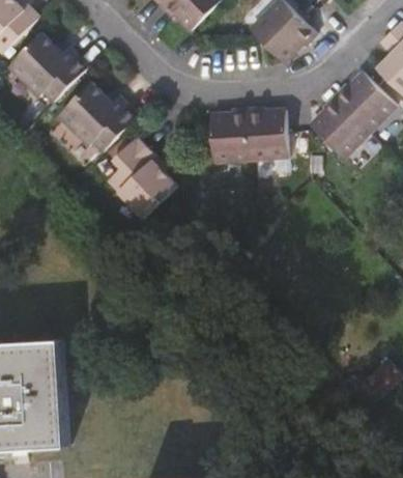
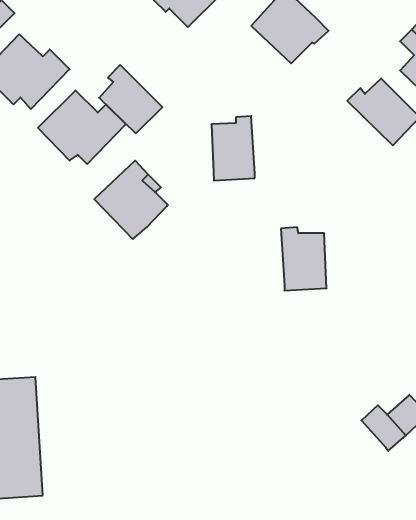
building: none -> [99,65,162,133]
building: [314,94,373,159] -> none
building: [248,107,288,163] -> [281,227,327,291]

